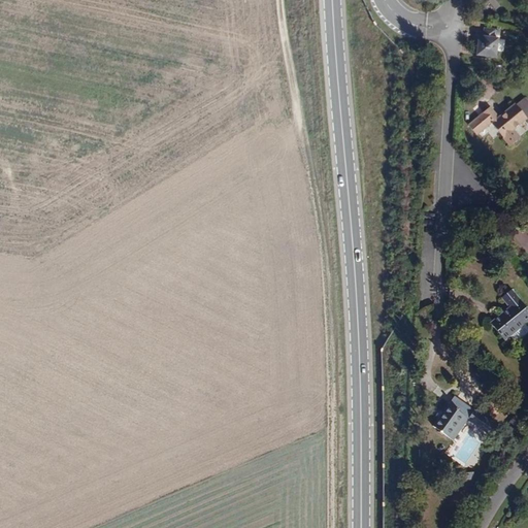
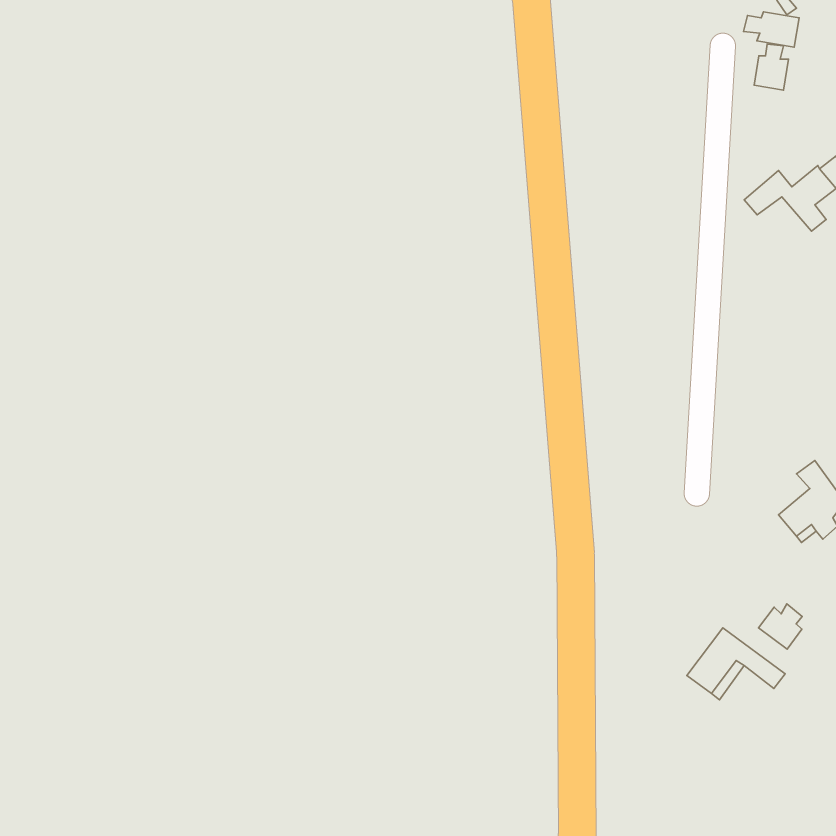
building: none -> [744,12,799,47]
building: none -> [758,604,802,649]

